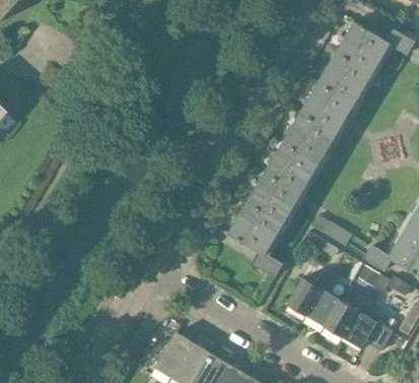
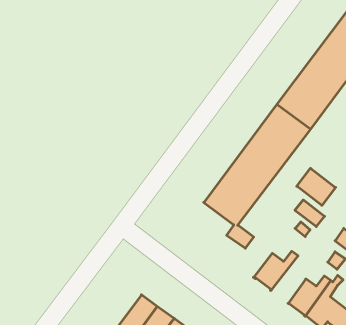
building: none -> [297,168,336,205]
building: [306,277,340,326] -> none

